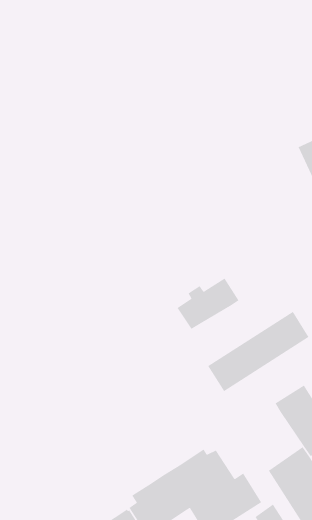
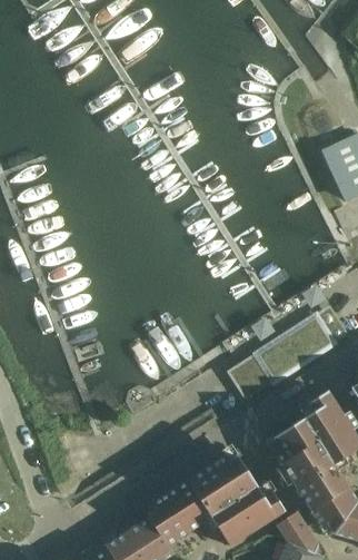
building: [177,277,240,330] -> none
building: none -> [272,419,326,478]

